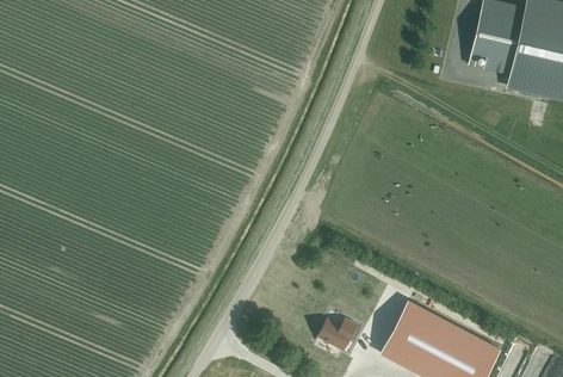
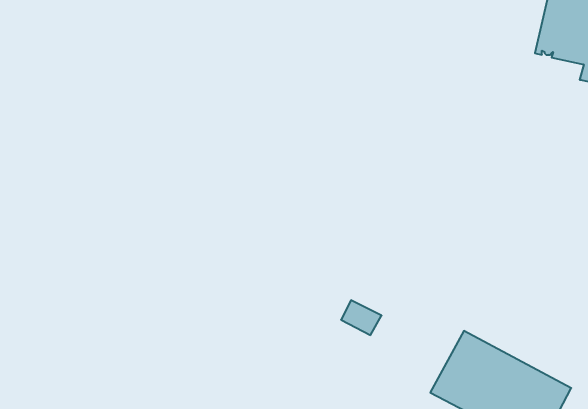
building: [318,320,353,350] -> [341,300,382,335]

